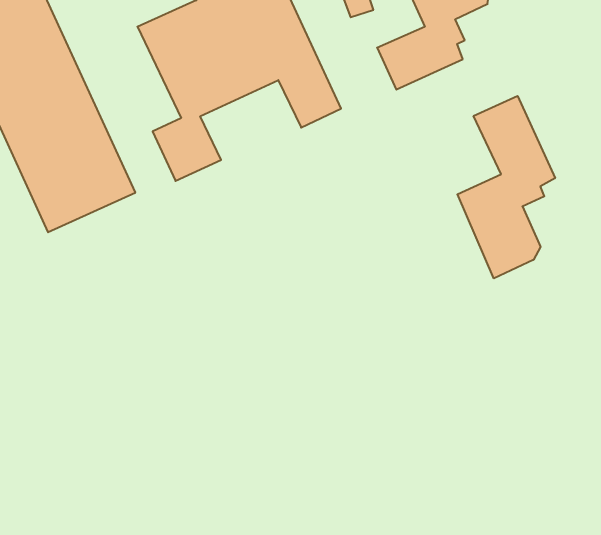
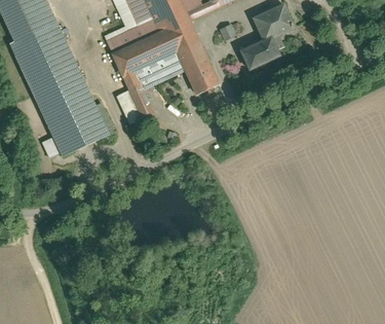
building: [457,96,555,278] -> none

